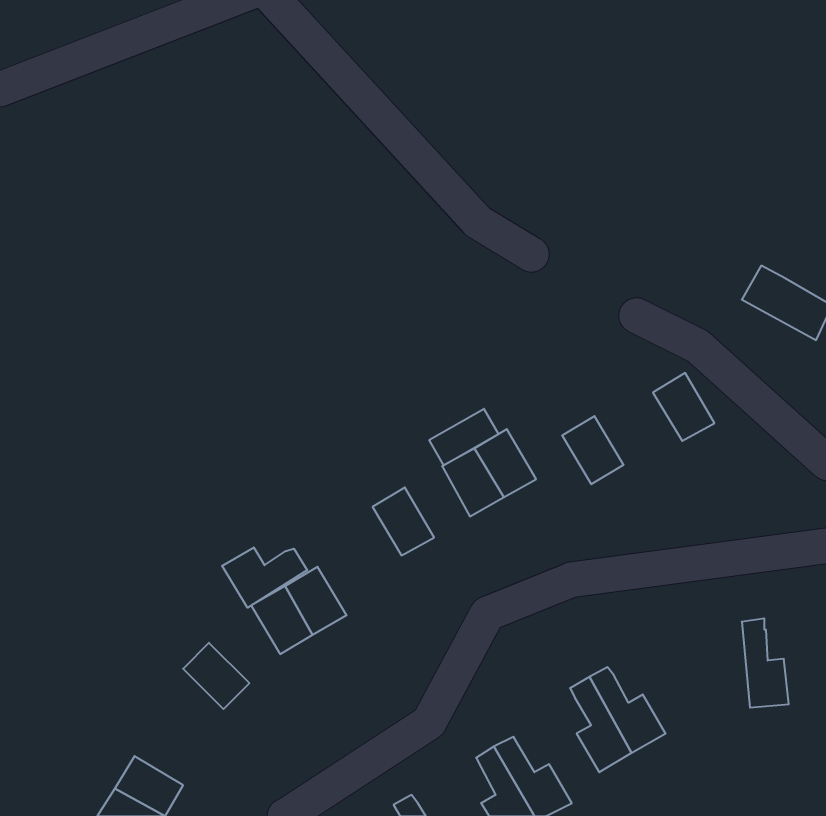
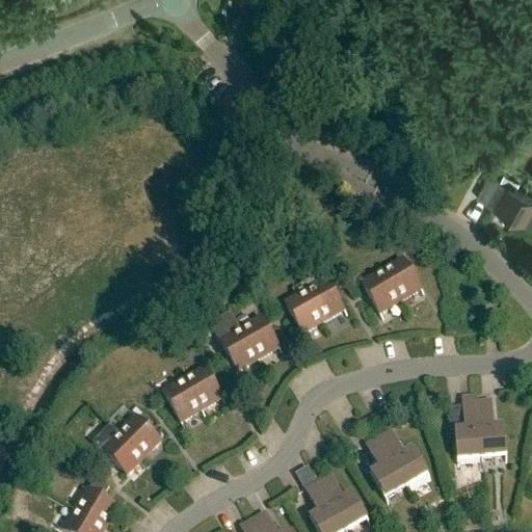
building: [653,373,714,441] -> [382,255,422,298]
building: [429,409,498,465] -> none
building: none -> [219,325,259,369]
building: [222,547,307,608] -> none
building: none -> [455,399,482,456]
building: none -> [102,429,144,473]

